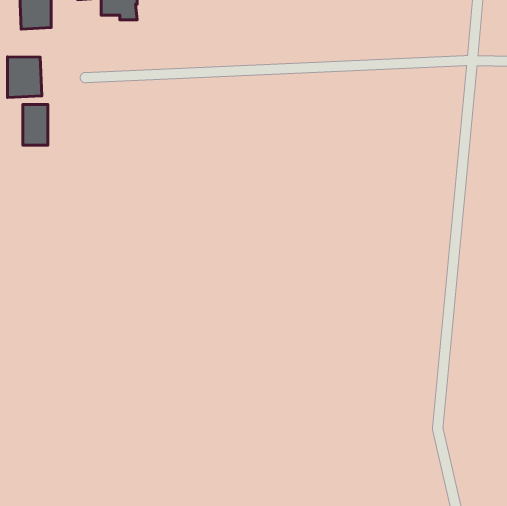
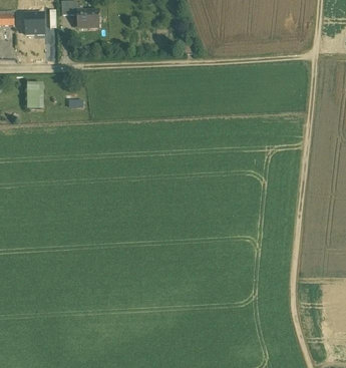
building: [7,57,42,98] -> none

